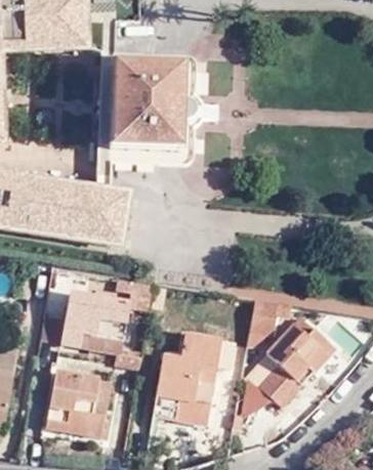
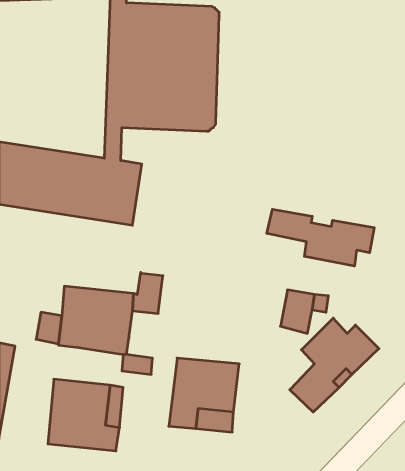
building: none -> [267,209,374,266]
building: [158,332,215,361] -> none

